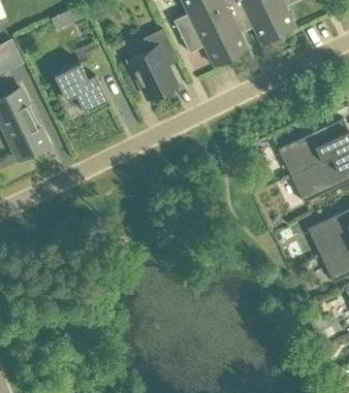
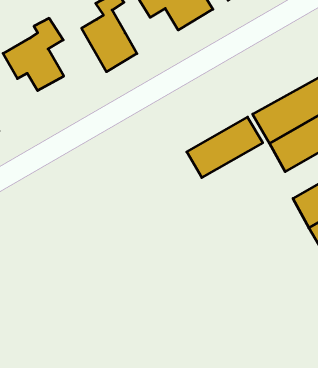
building: none -> [187,117,263,178]

